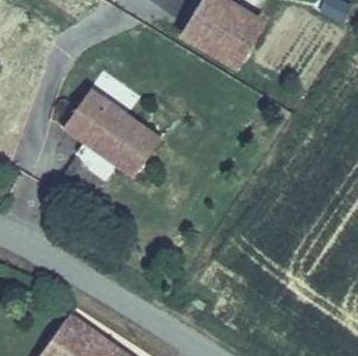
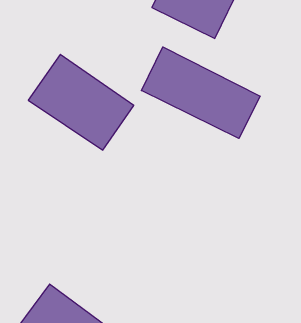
building: none -> [141,47,260,138]

